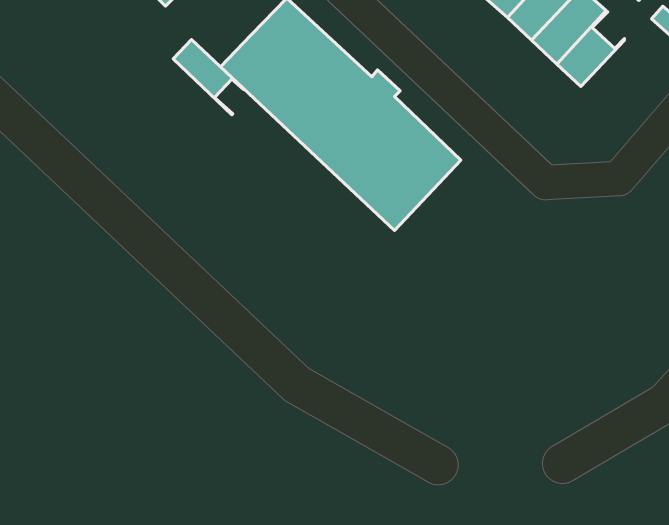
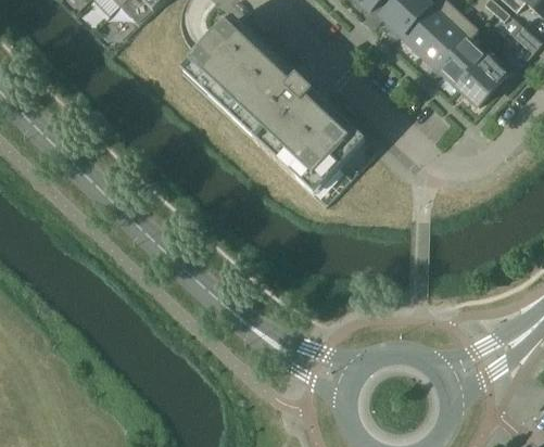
building: [173,39,243,115] -> none
building: none -> [456,49,509,103]

